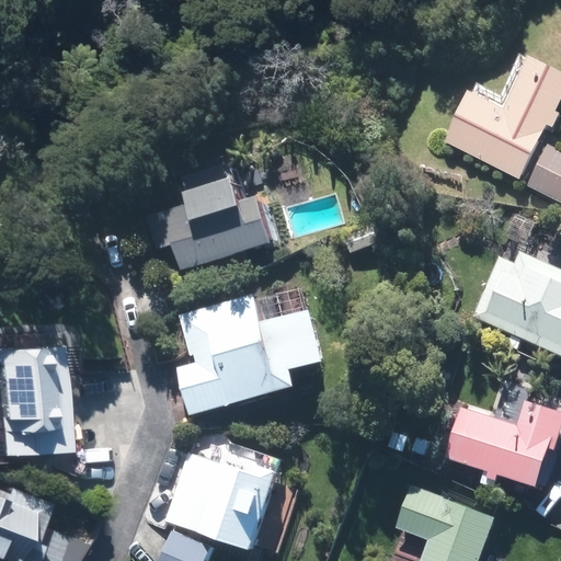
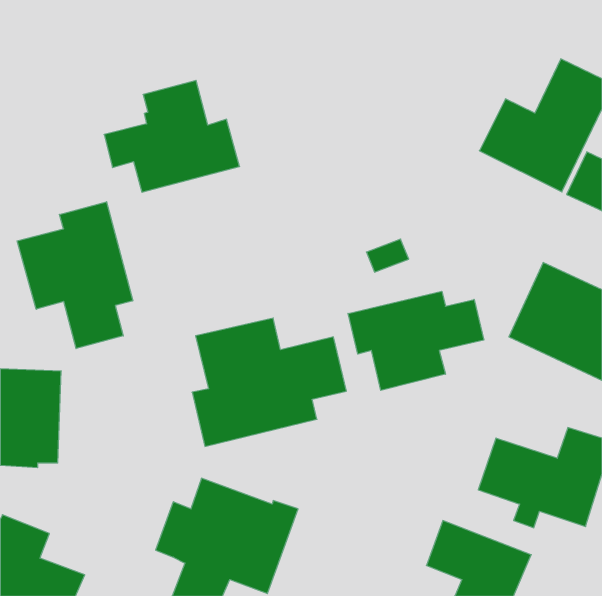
building: [149,168,275,272] -> [104,80,240,192]
building: none -> [17,202,133,349]
building: none -> [348,291,484,390]

